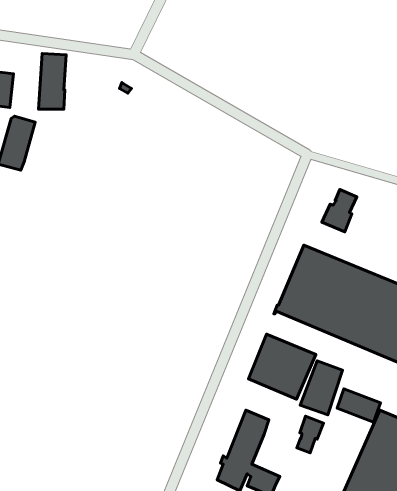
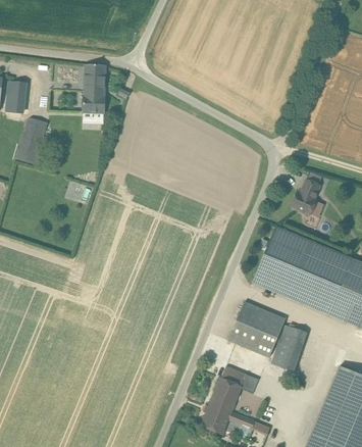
building: [38,54,66,109] -> [83,64,106,111]
building: [337,389,380,422] -> none
building: [297,416,323,453] -> none

